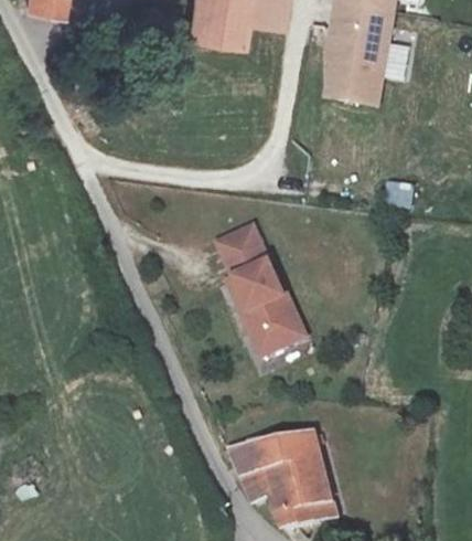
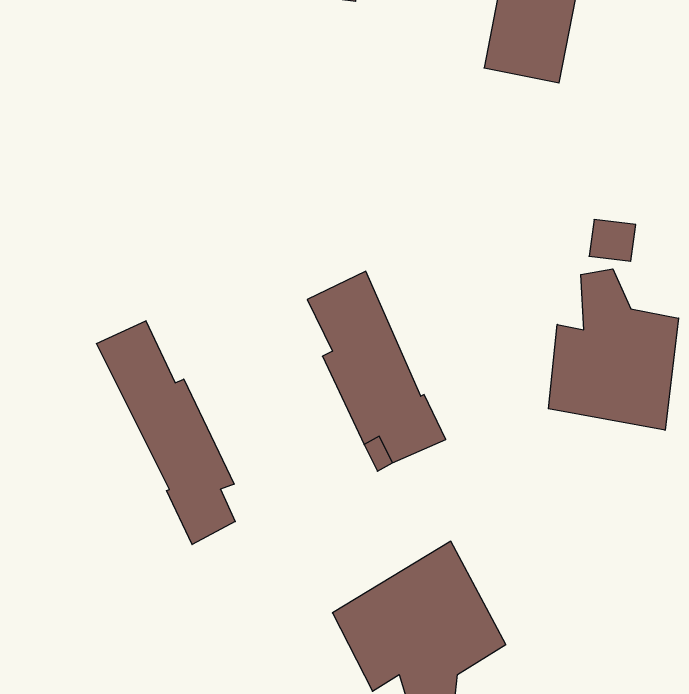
building: none -> [548,269,679,430]
building: none -> [96,321,235,545]

